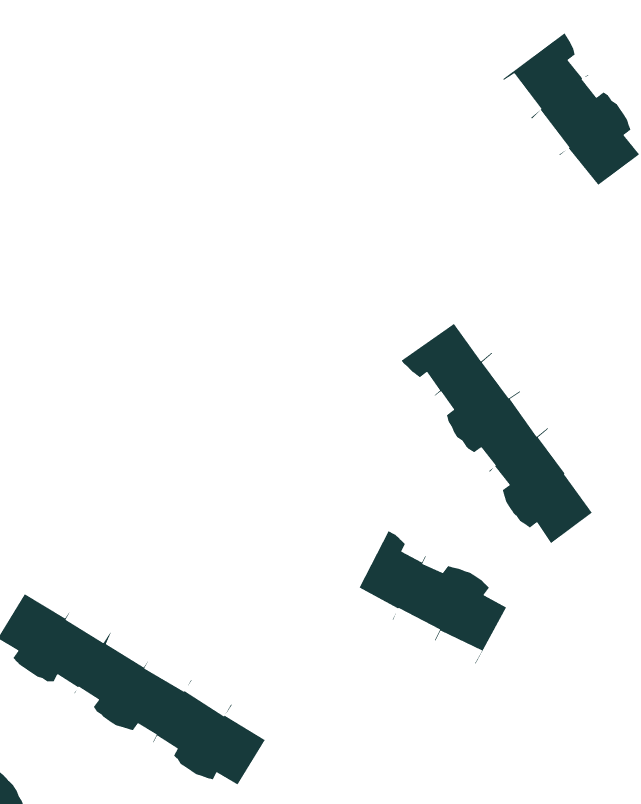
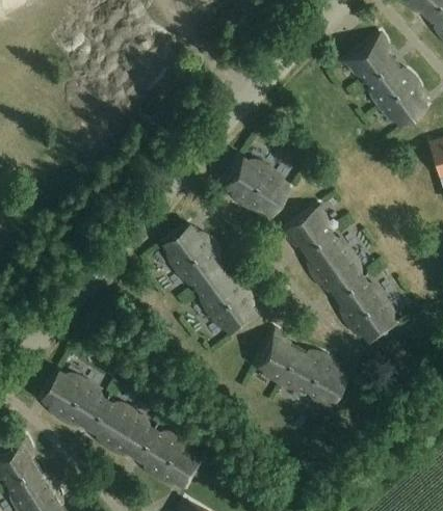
building: none -> [227,151,296,214]
building: none -> [163,226,256,335]

